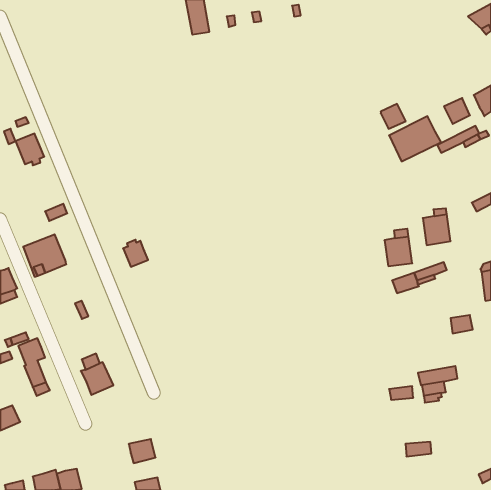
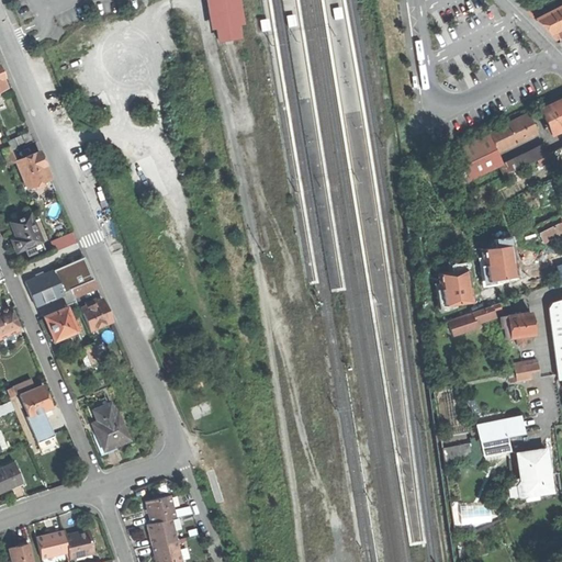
building: [381,104,406,129] -> [488,122,517,150]
building: none -> [12,214,45,256]
building: none -> [63,259,97,297]
building: [123,240,148,267] -> [82,300,111,330]
building: none -> [45,308,80,344]
building: none -> [503,313,533,338]
building: none -> [518,450,550,494]
building: none -> [148,524,180,551]

